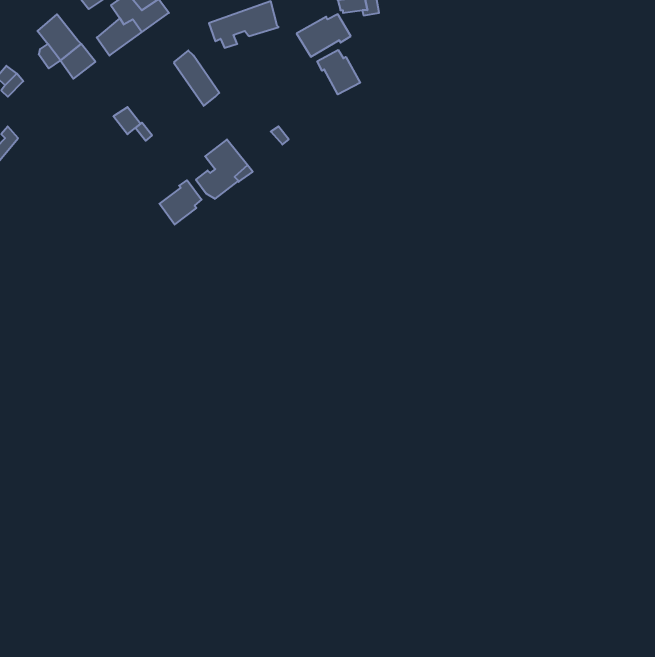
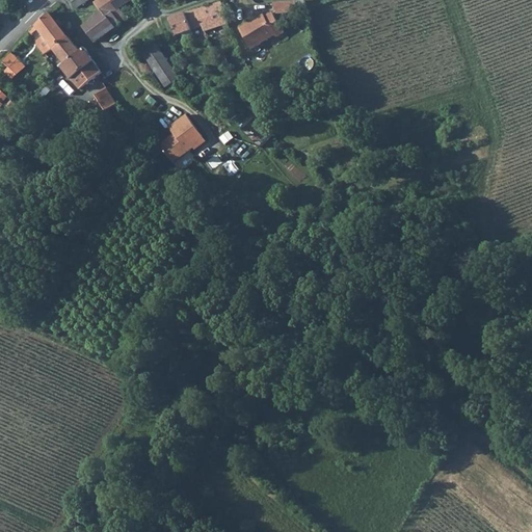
building: [317,50,360,94] -> none
building: none -> [56,47,98,89]
building: [159,180,202,225] -> none

